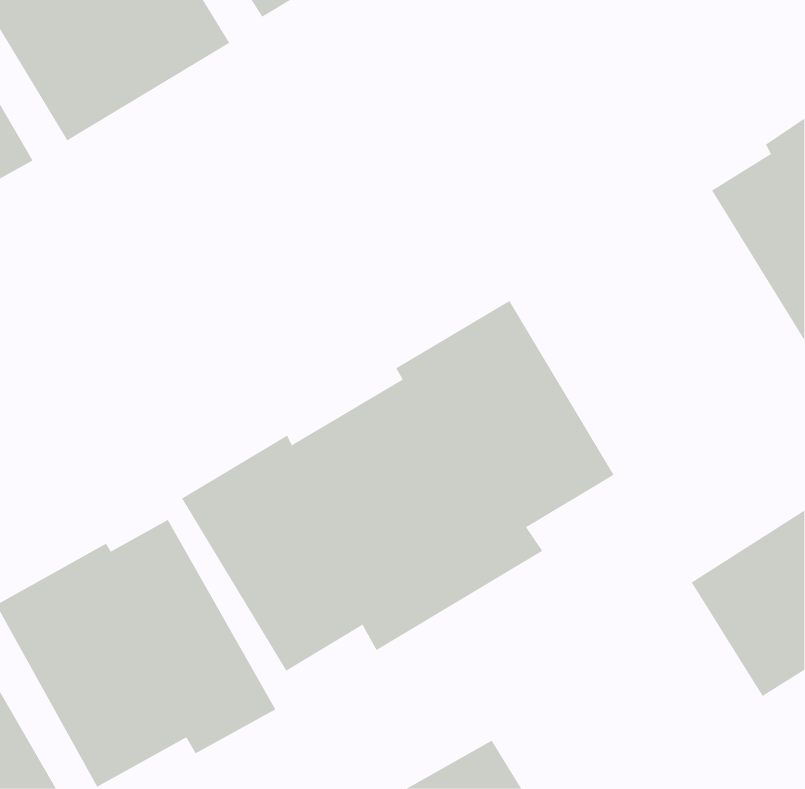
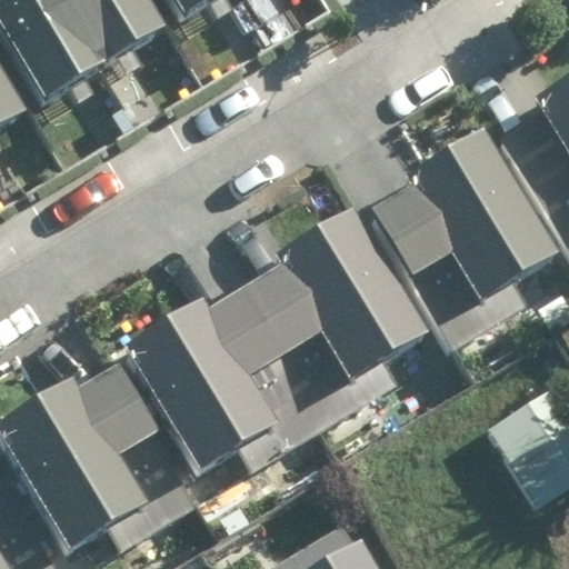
building: none -> [370,132,558,345]

